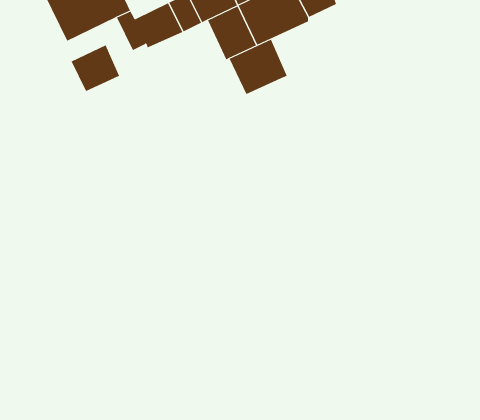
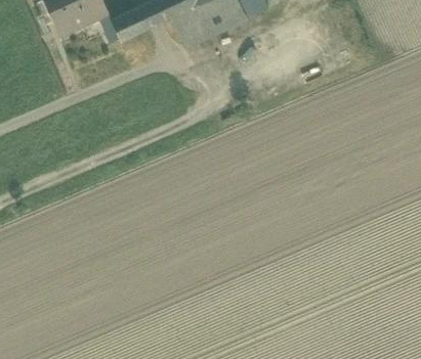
building: [229,39,287,95] -> none
building: [71,45,120,92] -> none

